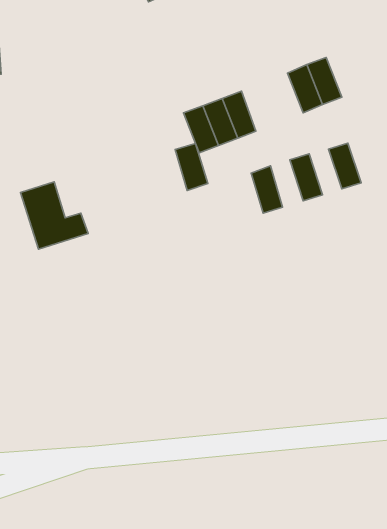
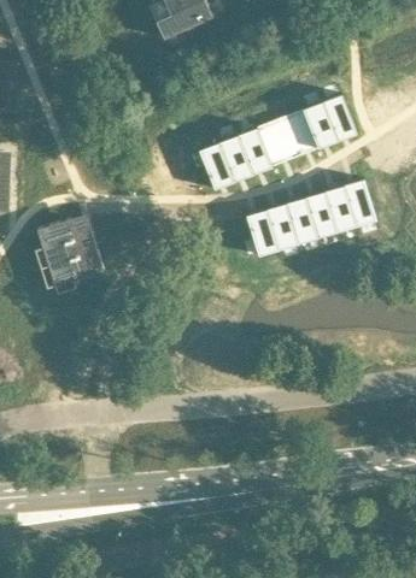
building: none -> [257,110,318,167]
building: [175,144,208,191] -> [246,210,279,256]
building: none -> [324,185,357,231]
building: none -> [286,196,318,243]

